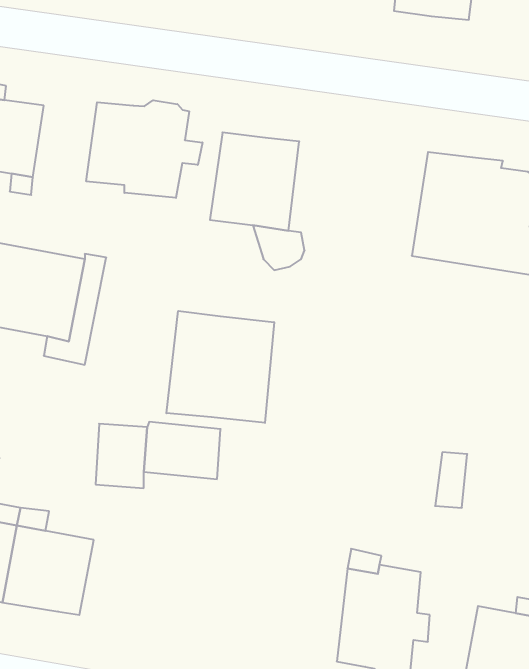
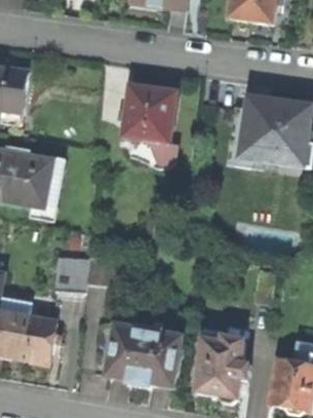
building: [86,100,202,198] -> none
building: [166,311,274,423] -> none
building: none -> [106,322,181,385]

